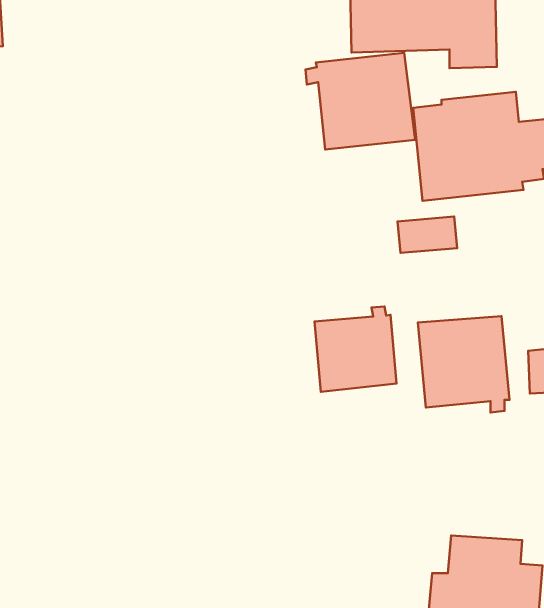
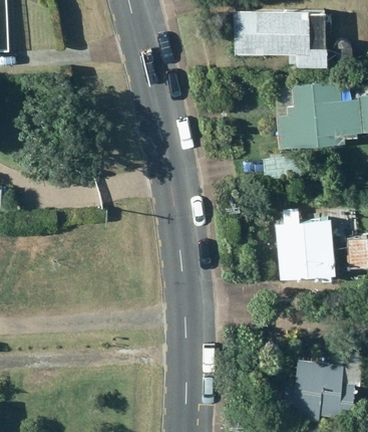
building: [305,53,415,150] -> none
building: [314,307,397,392] -> none

